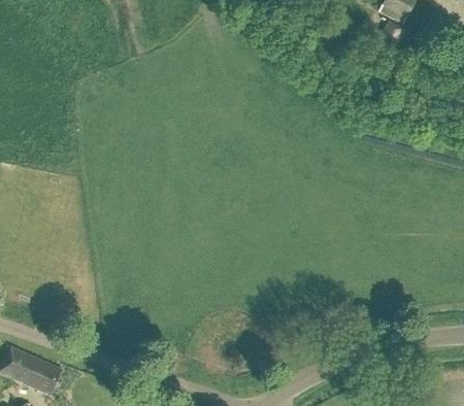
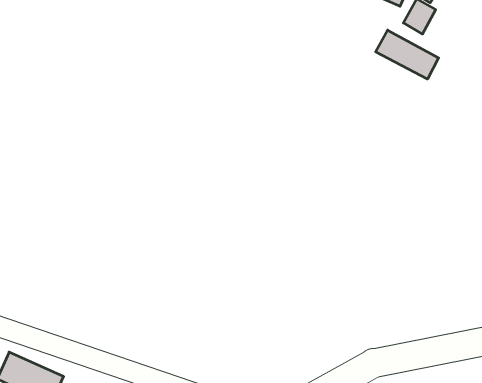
building: none -> [376,30,439,79]

